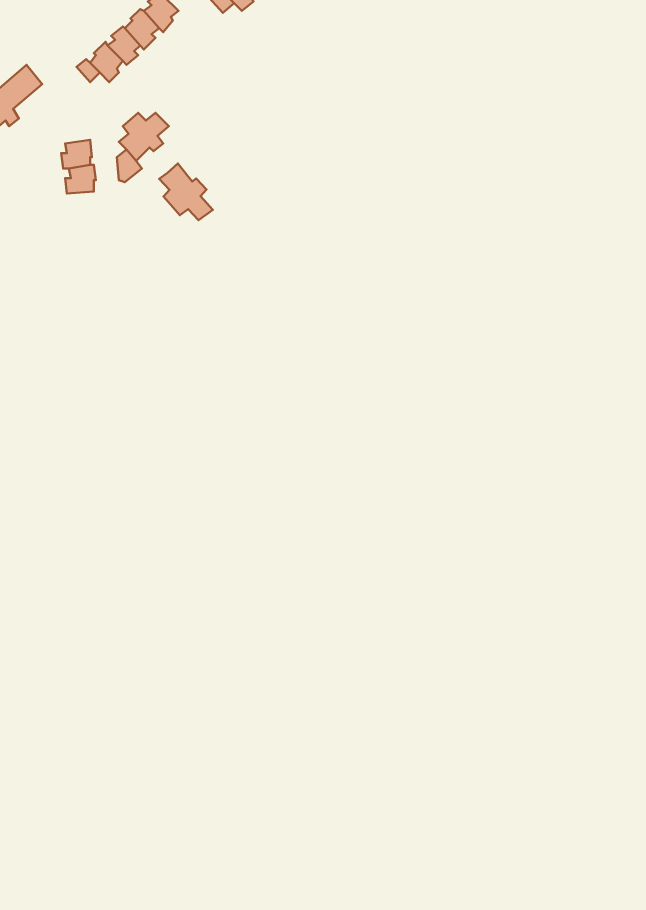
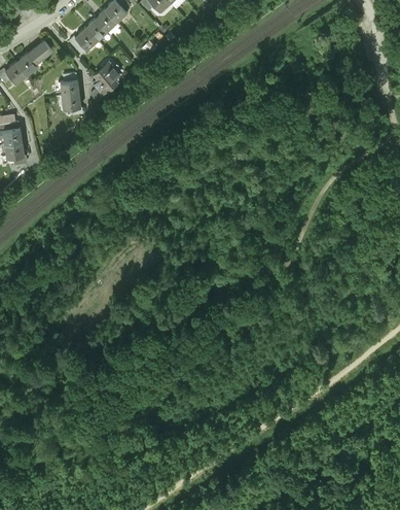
building: [159,163,213,220] -> none

